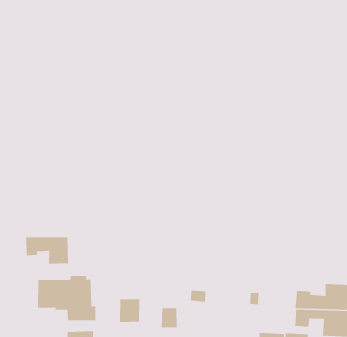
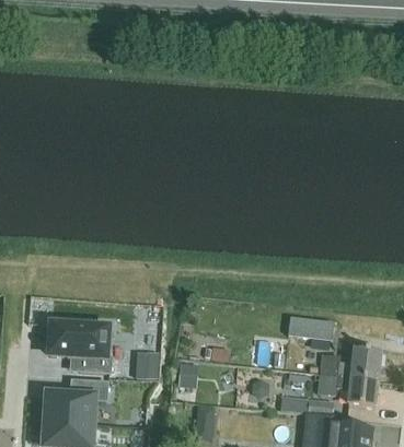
building: [25,237,69,264] -> none
building: none -> [287,316,333,338]

